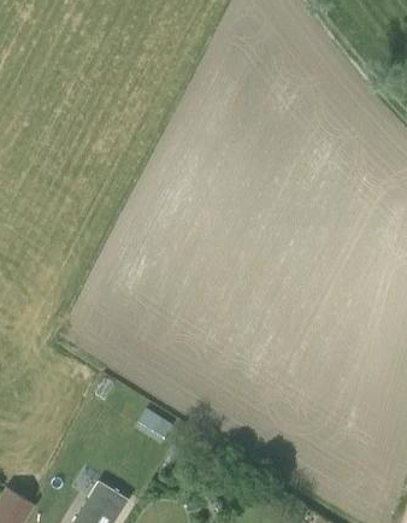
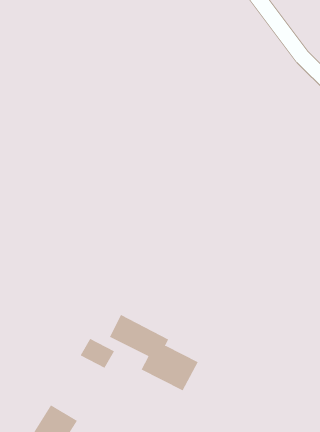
building: none -> [109,314,198,391]

